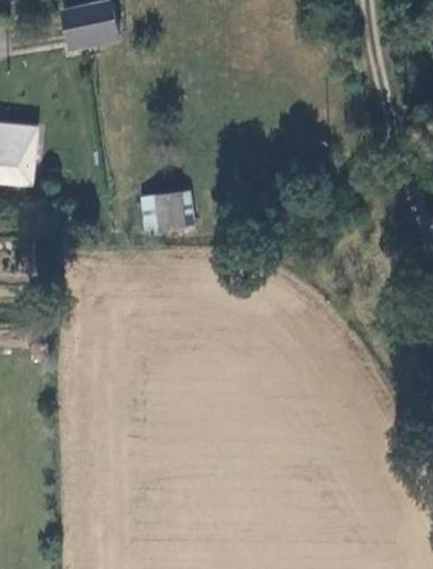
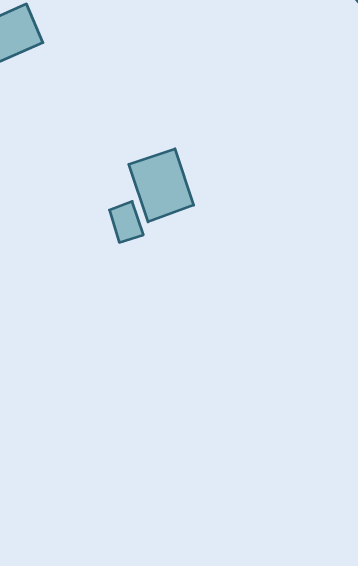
building: none -> [129,149,194,222]

